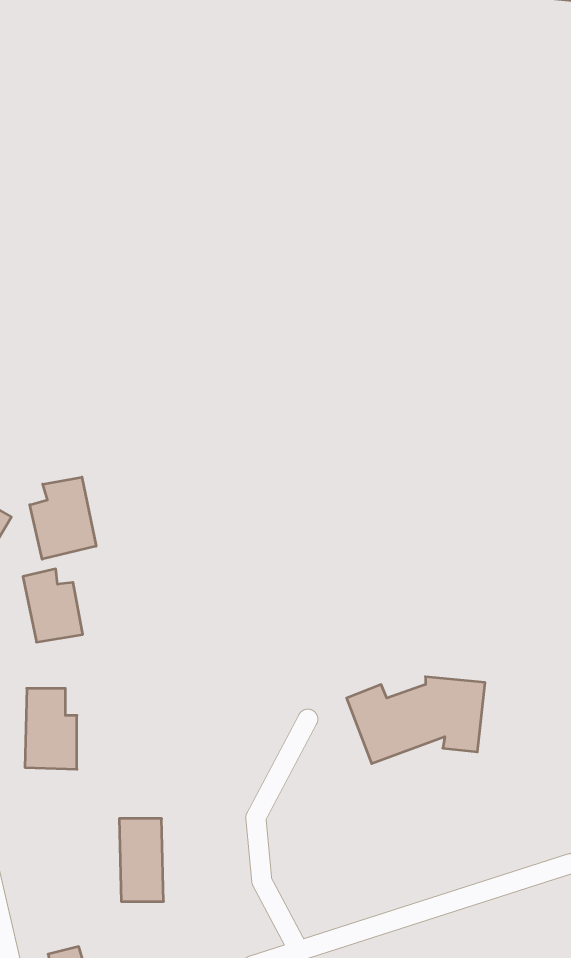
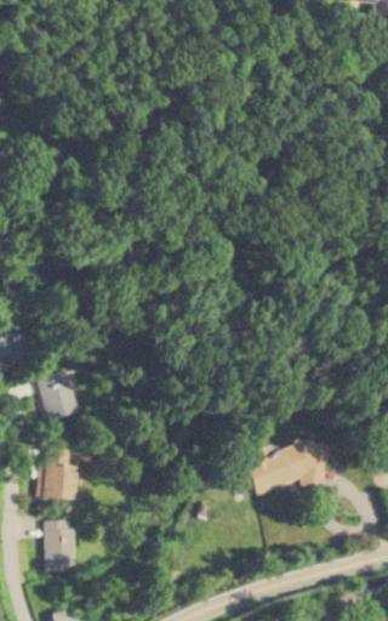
building: [30,477,96,559] -> none
building: [119,819,164,901] -> [45,520,73,572]

